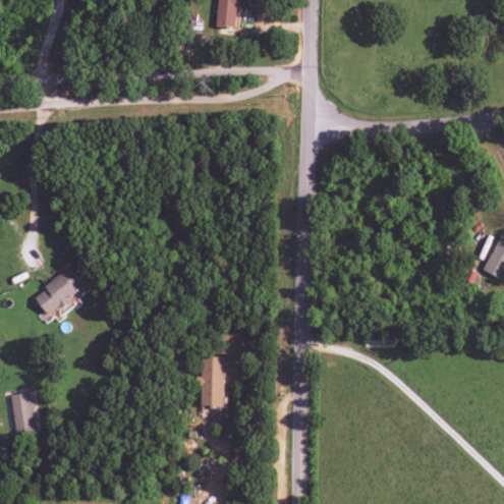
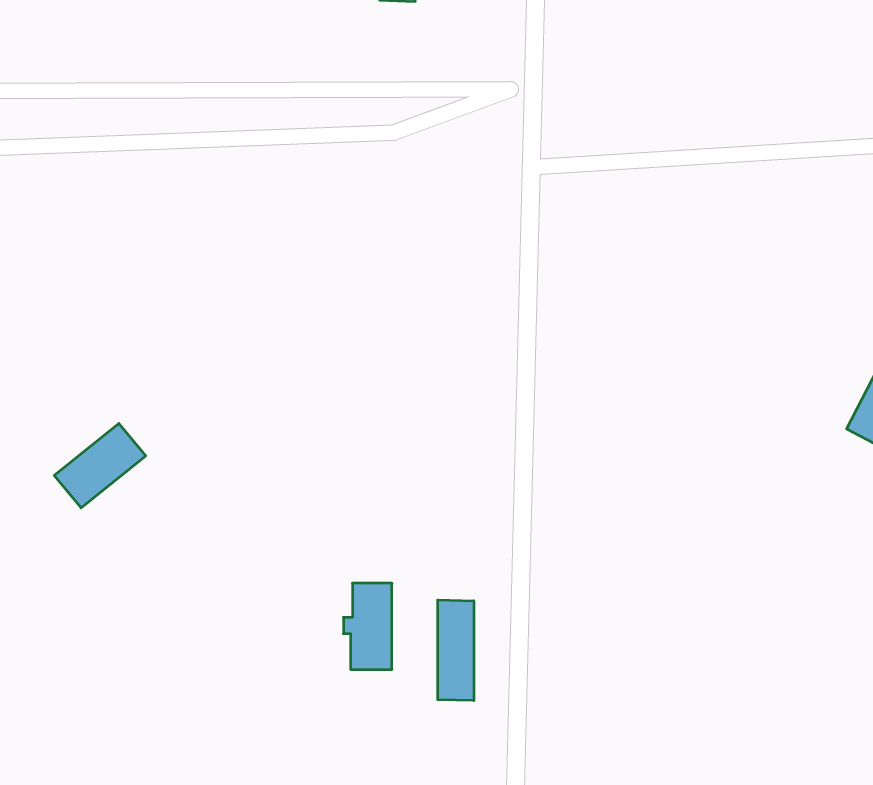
building: none -> [438,600,474,701]
building: [11,394,35,438] -> none

